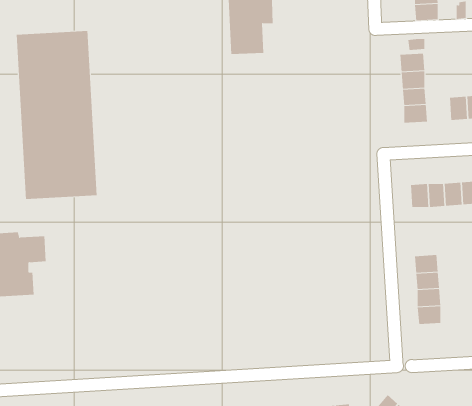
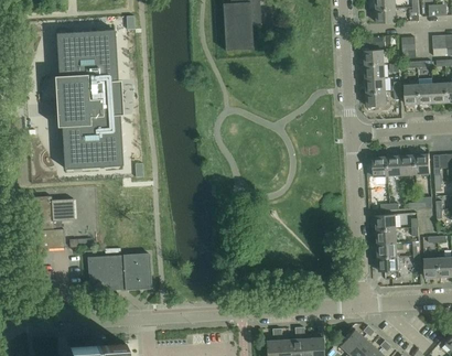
building: none -> [87,253,151,291]

